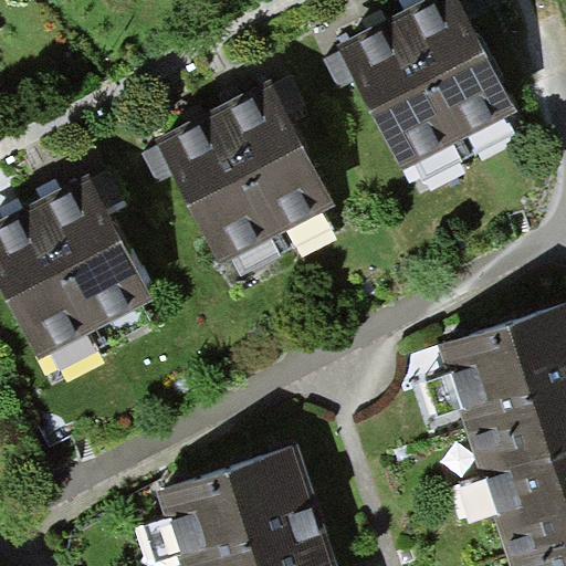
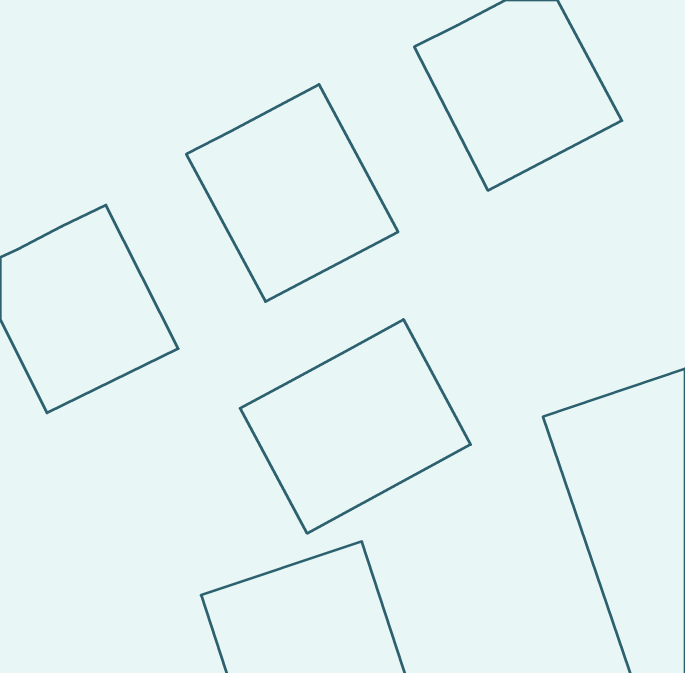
building: none -> [240,319,471,533]

